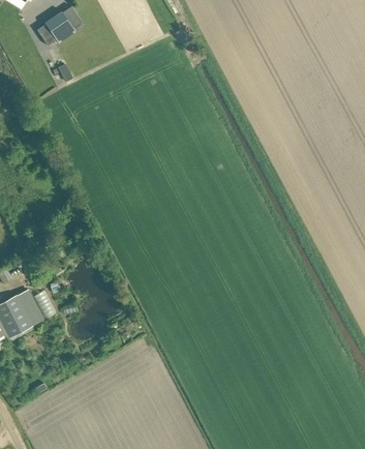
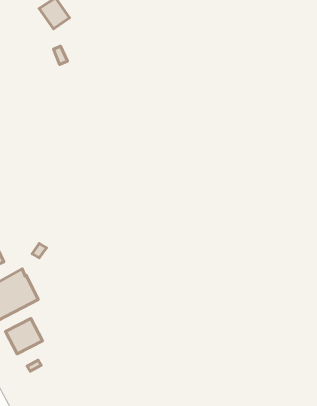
building: none -> [6,318,42,354]

